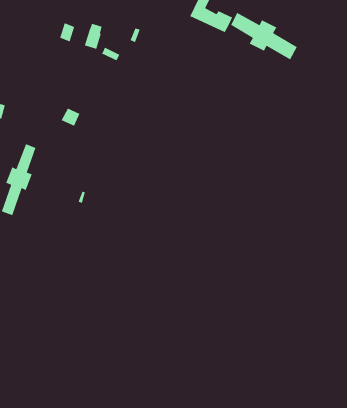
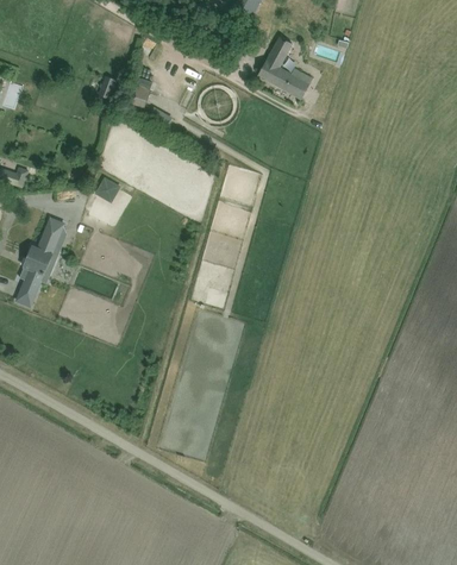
building: [230,12,298,61] -> none

